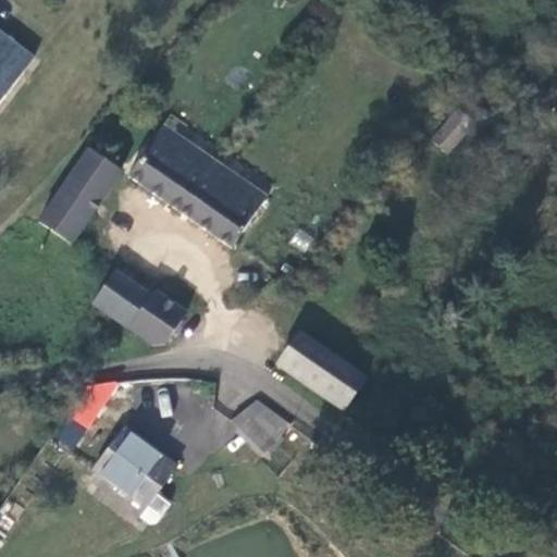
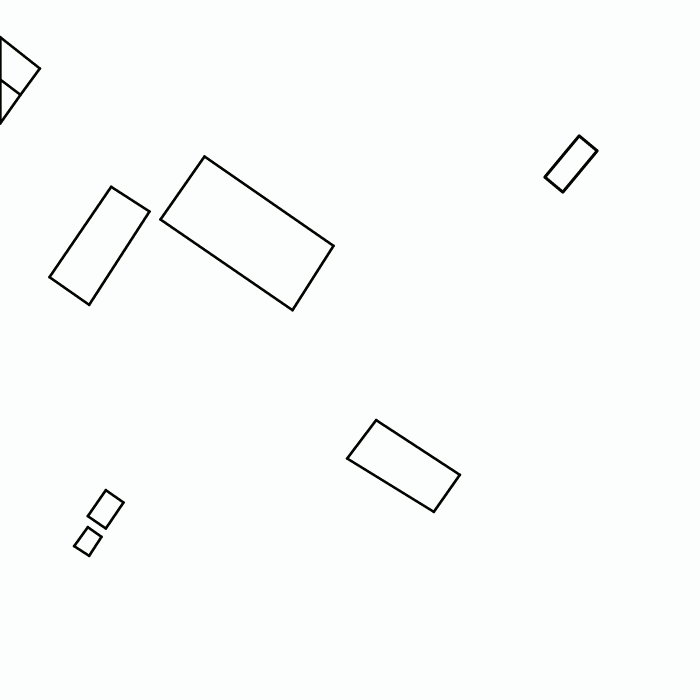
building: [94,273,184,348] -> none
building: [240,406,283,448] -> none
building: [92,423,176,518] -> none

